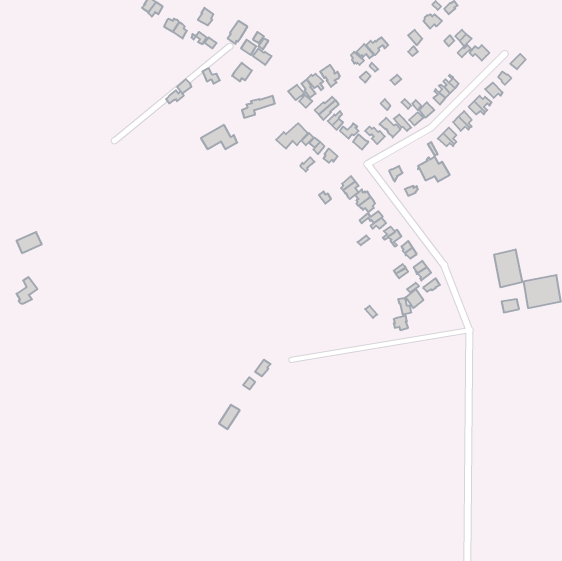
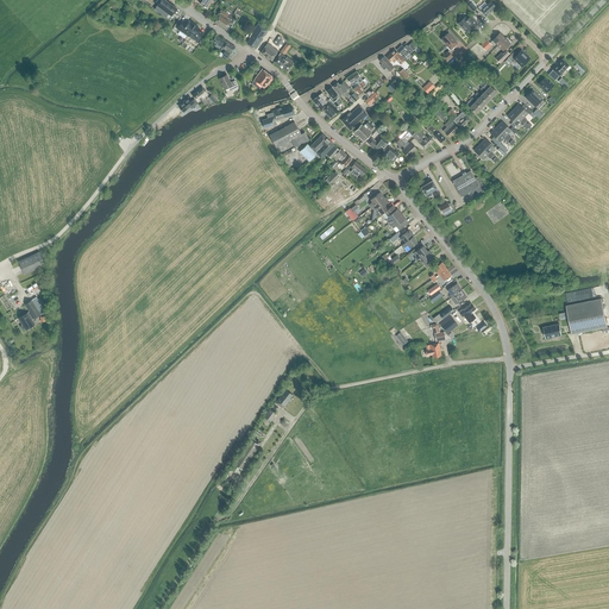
building: [201,125,237,149] -> [269,120,308,146]
building: [494,249,522,287] -> none

